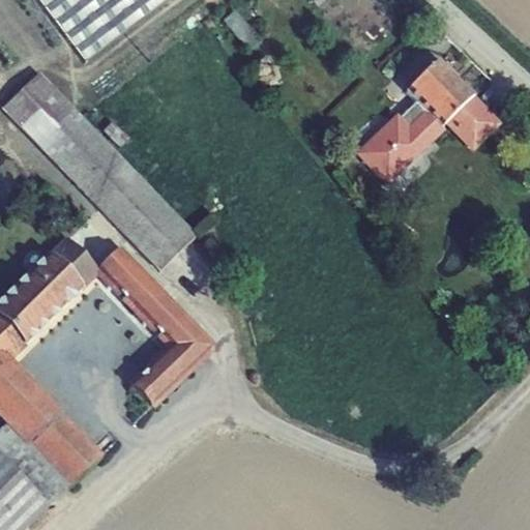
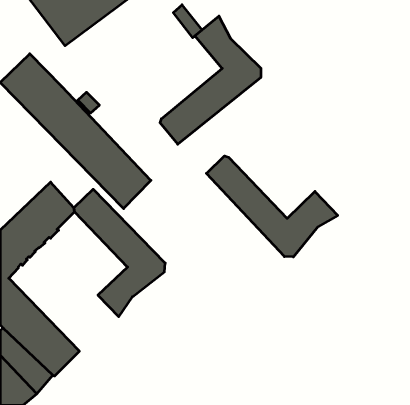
building: none -> [160,16,261,144]
building: [354,57,502,186] -> none
building: none -> [206,156,338,257]

